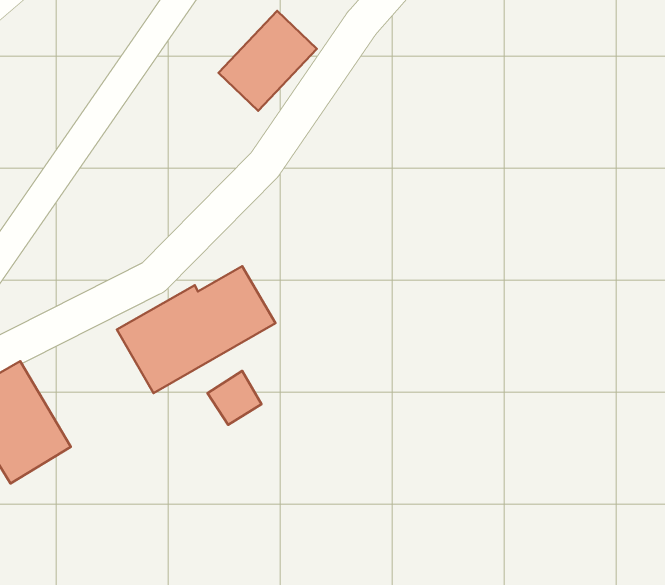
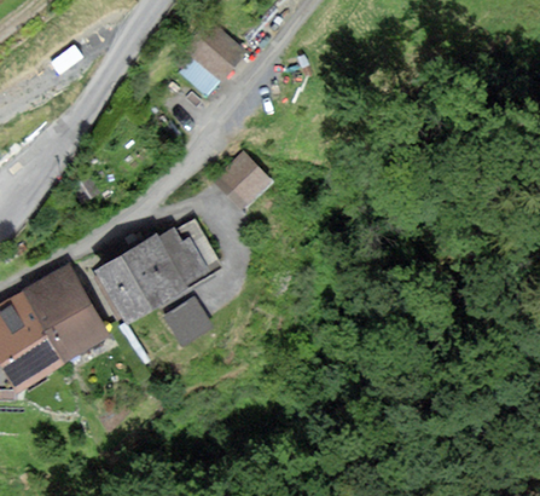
building: none -> [216,154,267,204]
building: none -> [23,266,105,357]

